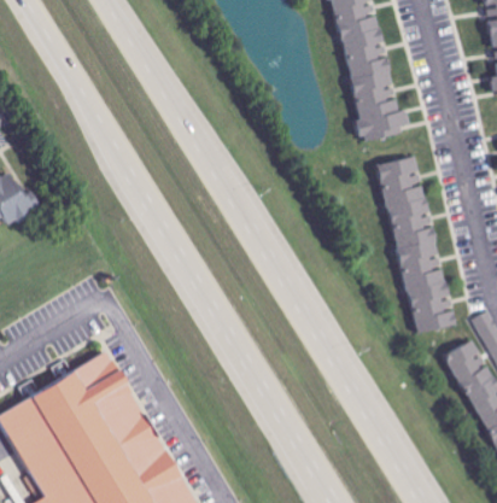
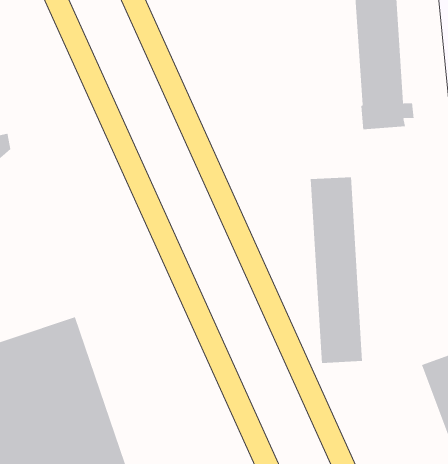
building: [379,157,451,334] -> [310,177,363,363]

